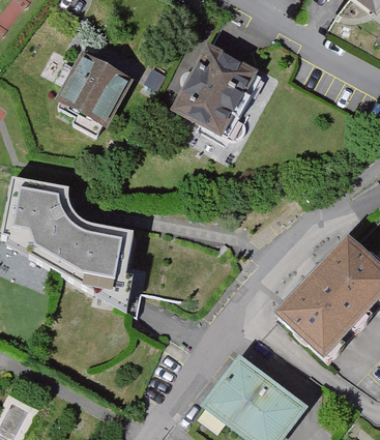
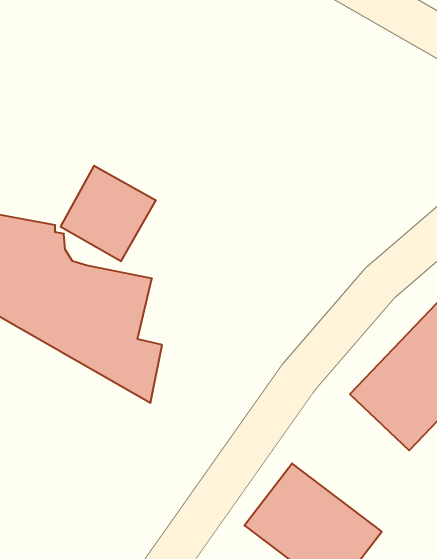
building: [177,46,254,129] -> none
building: [59,54,127,122] -> [61,166,156,261]

